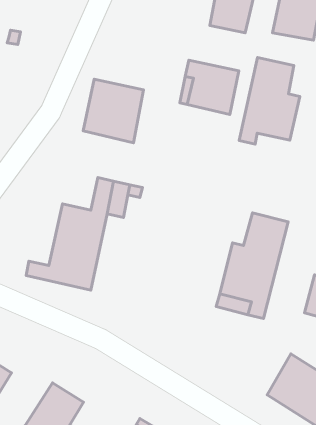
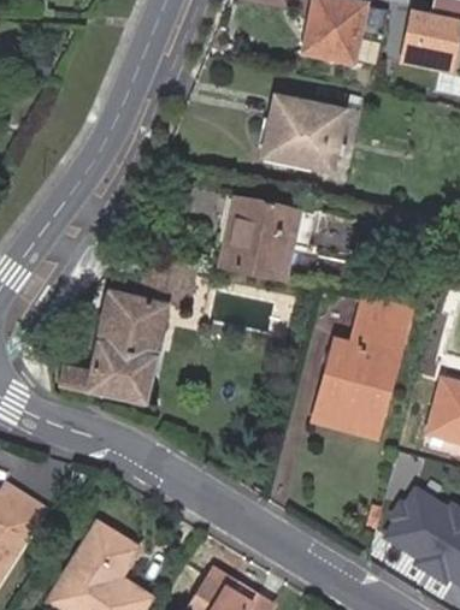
building: [239,57,300,144] -> none
building: [83,79,143,143] -> [219,196,299,280]

